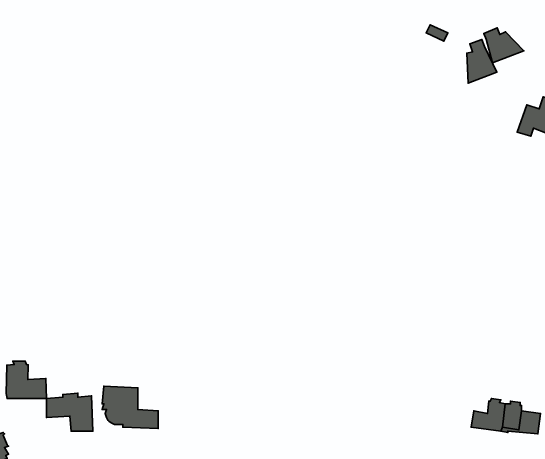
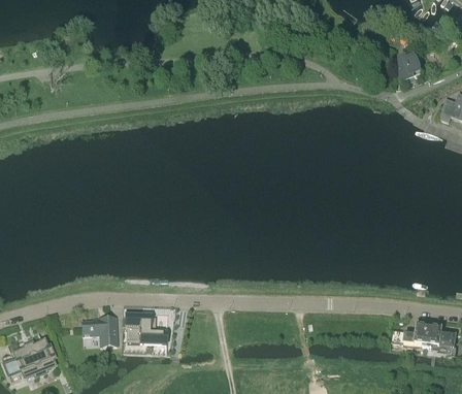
building: [484,28,524,63] -> none
building: [6,361,47,399] -> none

